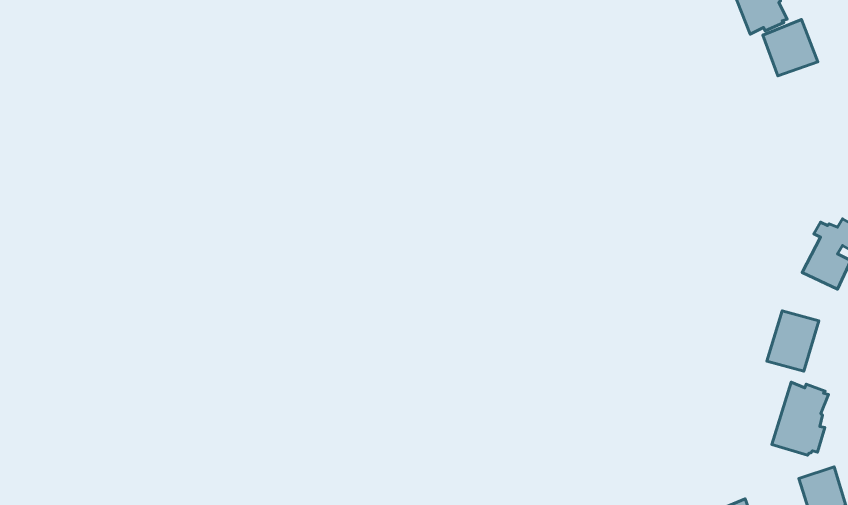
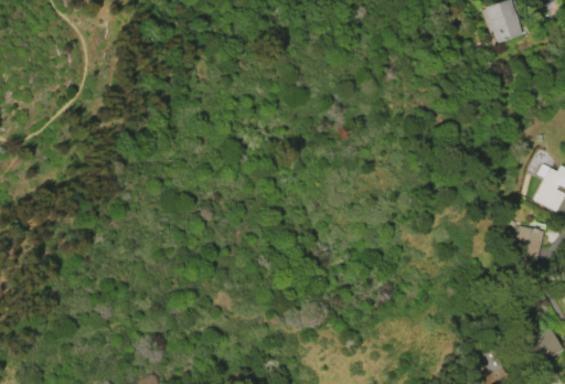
building: [763,19,818,76] -> none
building: [772,382,829,455] -> none

